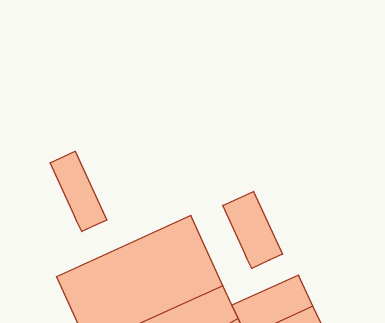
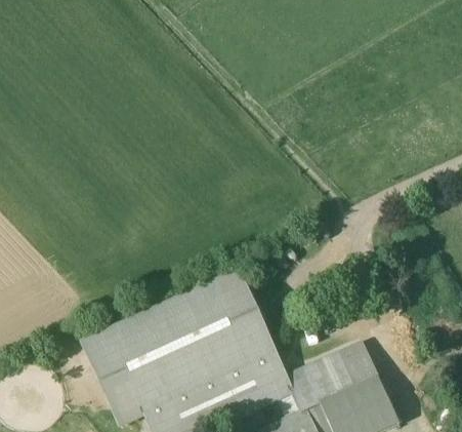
building: [50,151,107,232] -> none
building: [223,191,283,268] -> none

